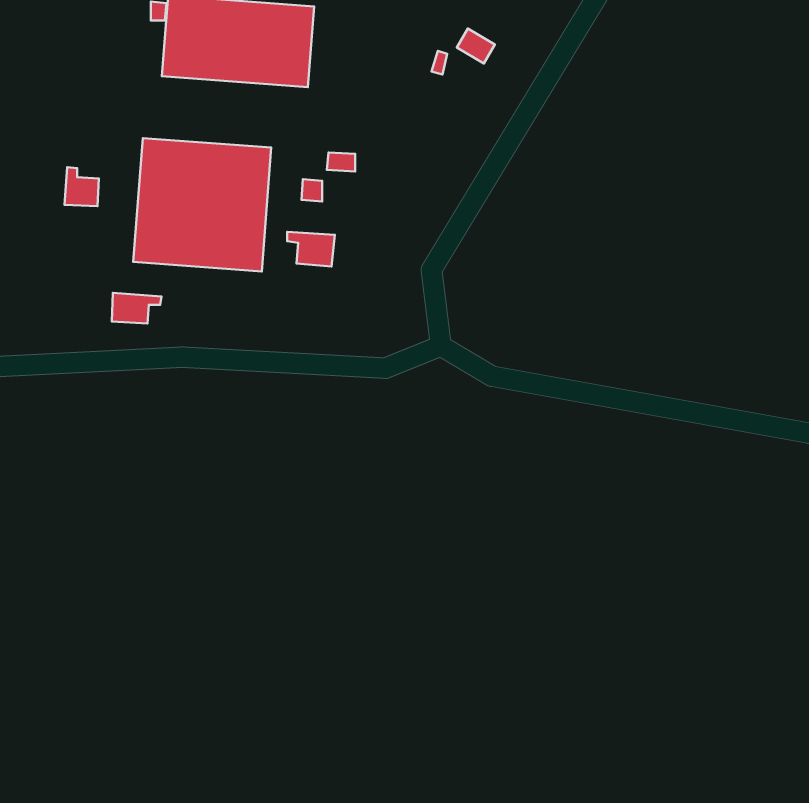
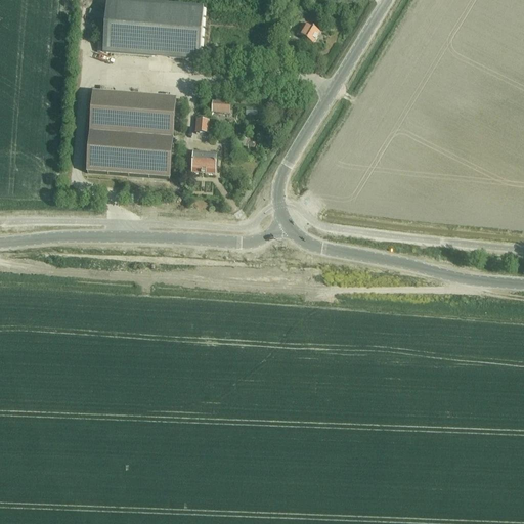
building: [64,167,99,206] -> none
building: [112,293,161,323] -> none

